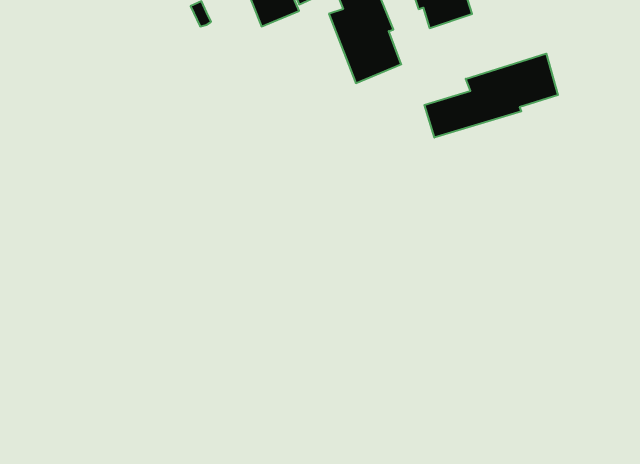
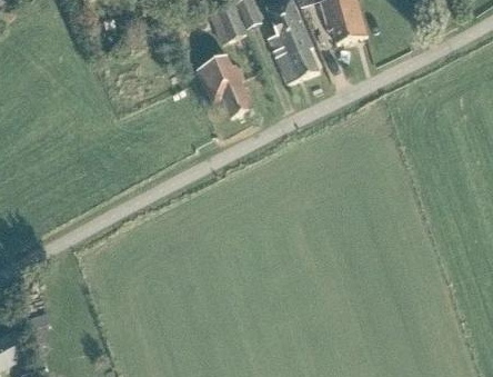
building: none -> [197,52,252,117]
building: [424,54,558,138] -> none

